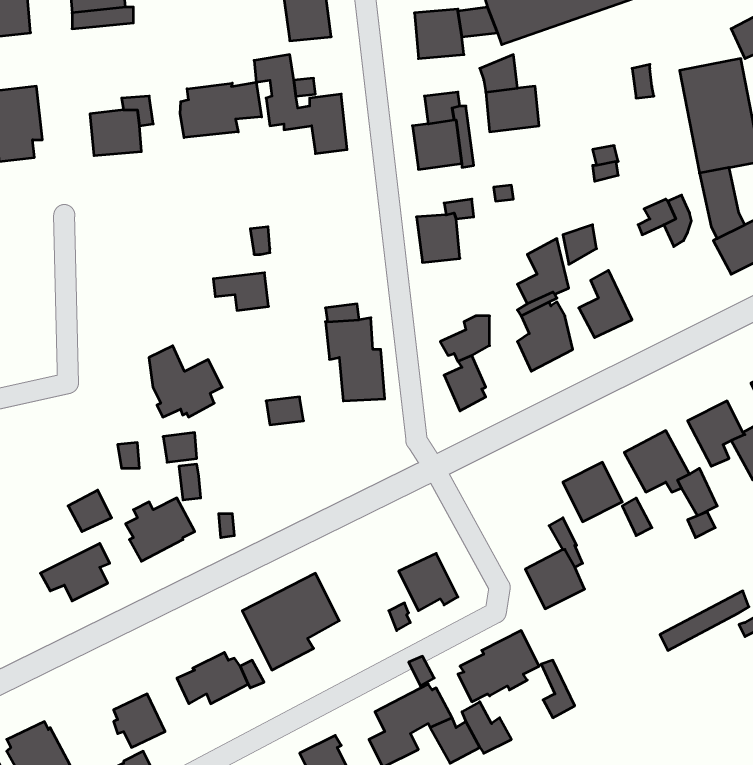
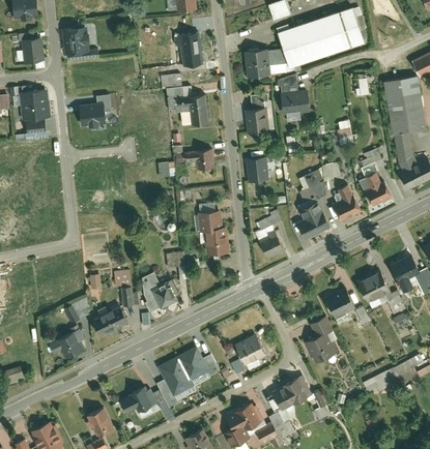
building: [180,82,262,138] -> none
building: none -> [357,173,392,206]
building: [213,273,269,310] -> [185,150,214,170]
building: [149,346,222,417] -> [142,272,180,309]

